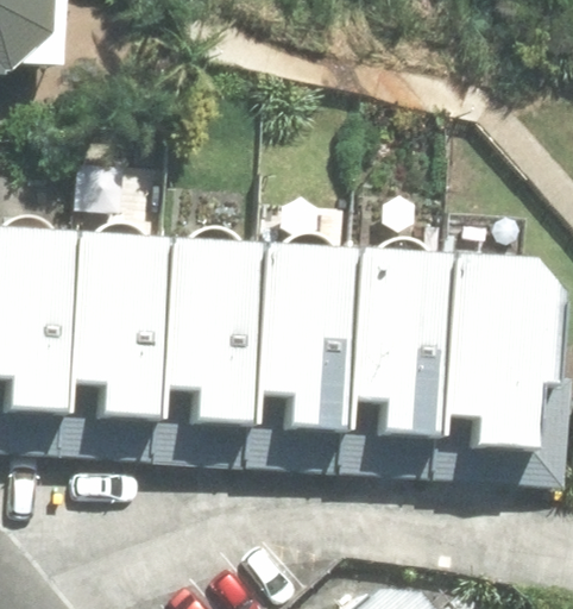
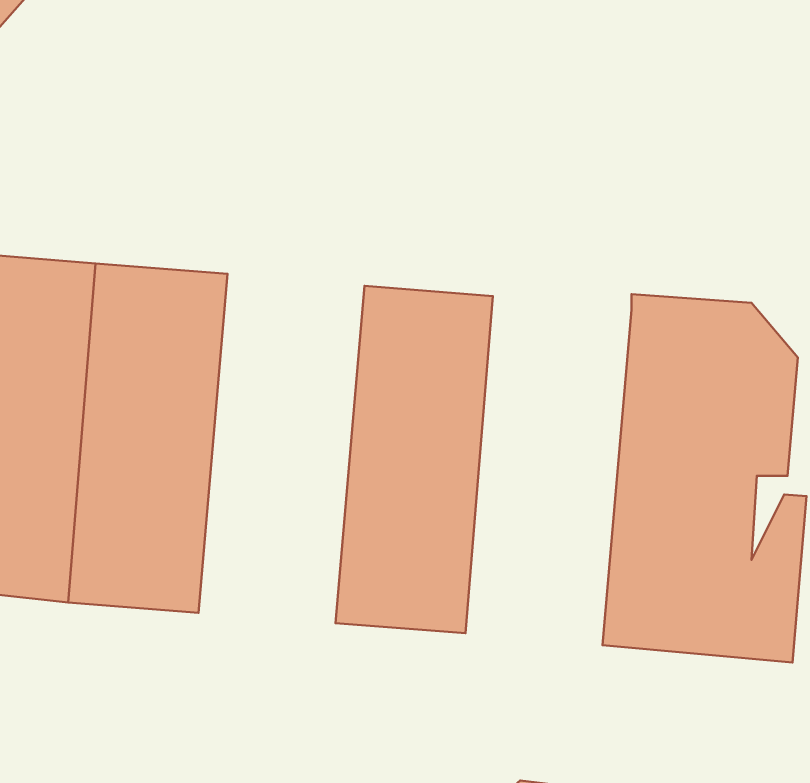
building: [145,228,260,471] -> none
building: [330,244,446,486] -> none

